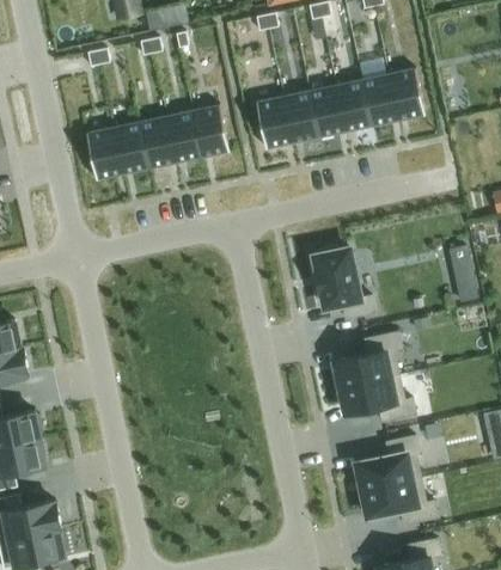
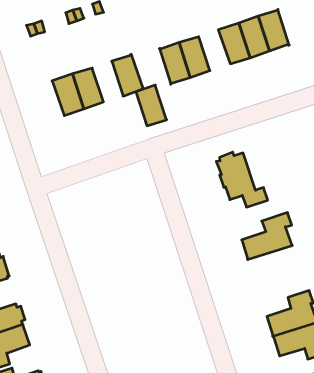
building: [307,86,344,137] -> none
building: [165,111,201,163] -> [136,85,167,126]
building: [85,128,122,180] -> none
building: [338,375,415,422] -> none

